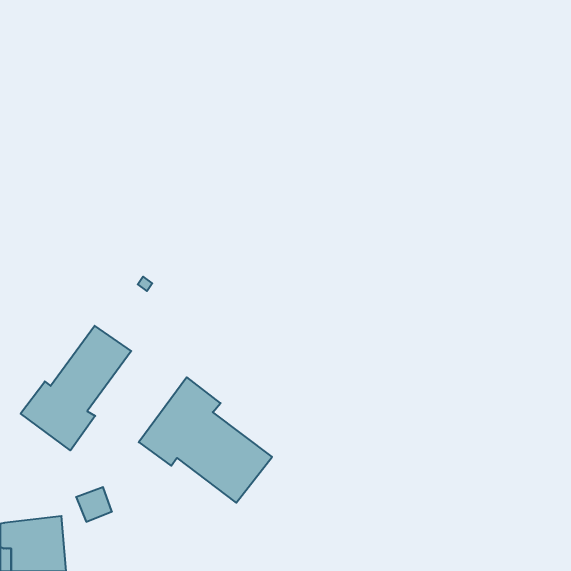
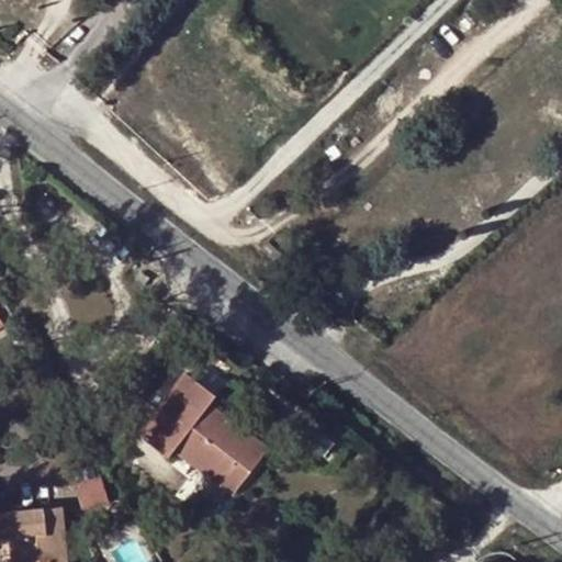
building: [21,326,131,450] -> none

